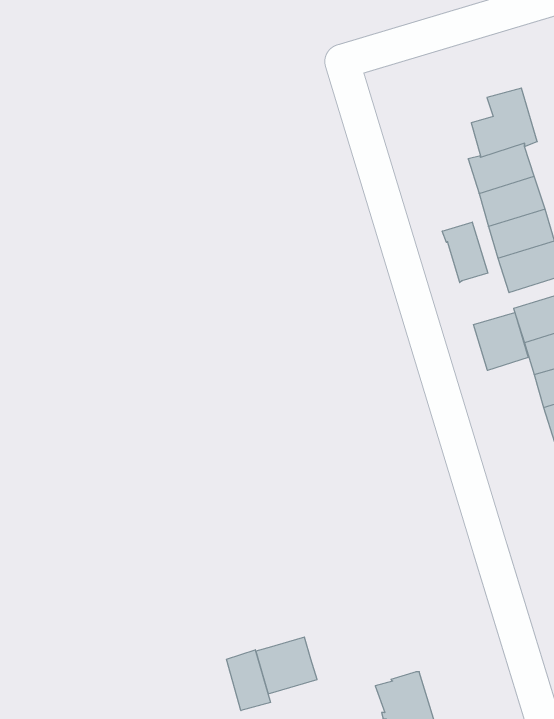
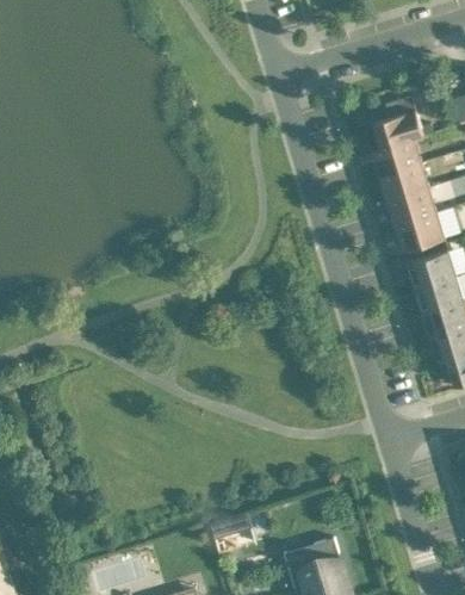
building: [442,222,488,283] -> none
building: [473,313,528,370] -> none
building: [226,650,270,711] -> none

